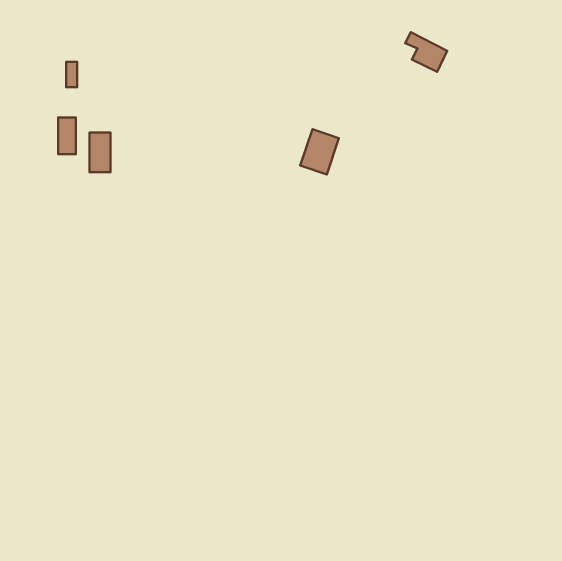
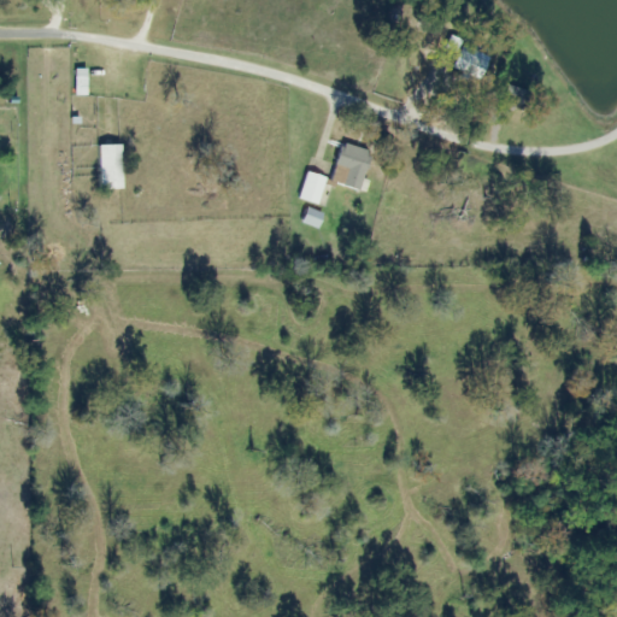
building: [58,117,76,154] -> none
building: none -> [300,171,327,204]

